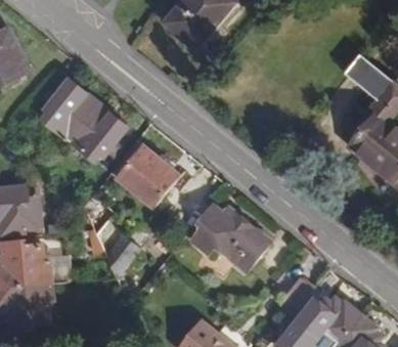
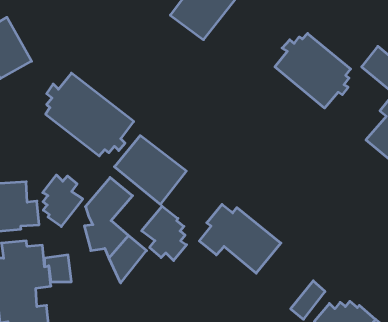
building: none -> [275,33,351,108]
building: none -> [43,175,83,227]
building: none -> [142,206,187,261]

